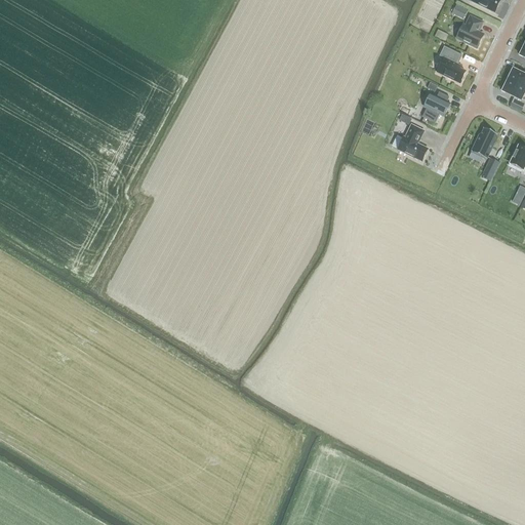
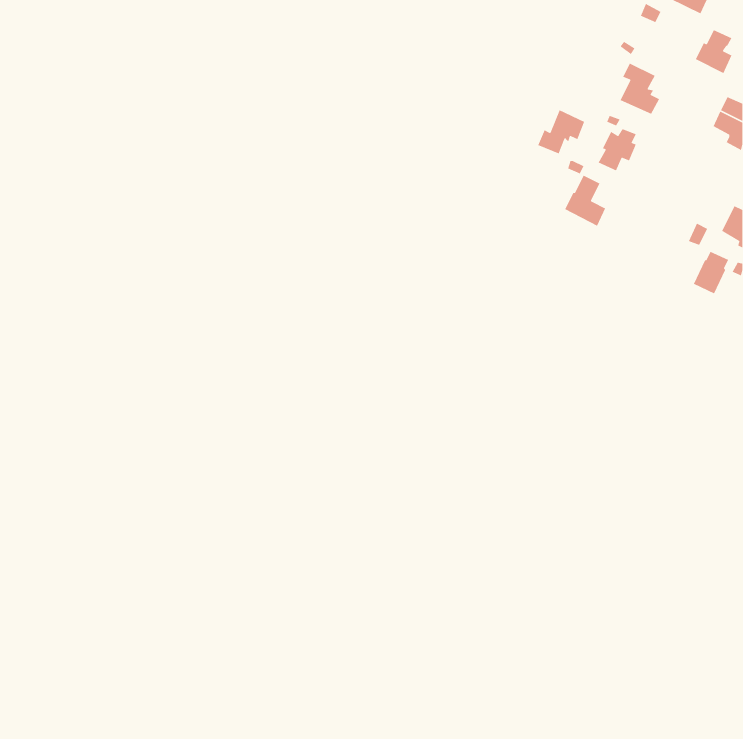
building: [456,14,483,46] -> [695,29,732,74]
building: none -> [537,109,585,155]
building: [473,127,498,158] -> [693,251,729,294]

